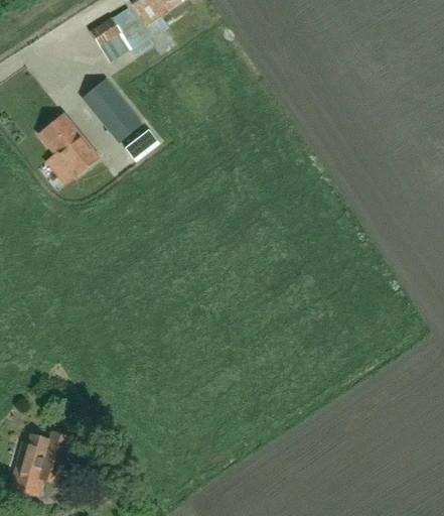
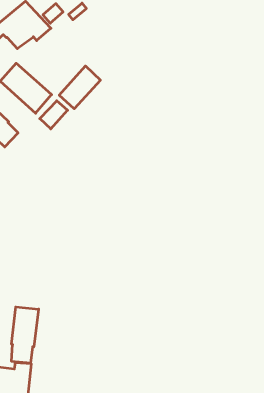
building: none -> [59,66,100,109]
building: none -> [12,307,39,363]

